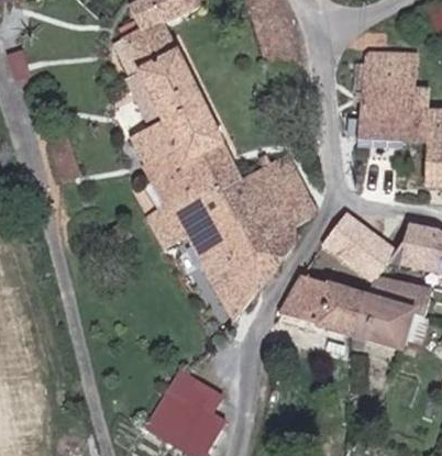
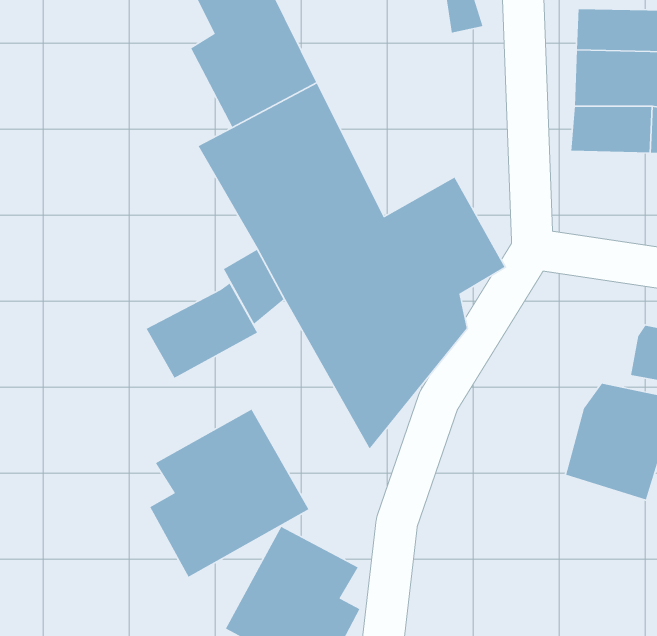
building: [322,211,396,278] -> none
building: none -> [146,283,258,379]
building: [280,275,363,334] -> none
building: none -> [149,408,310,578]

